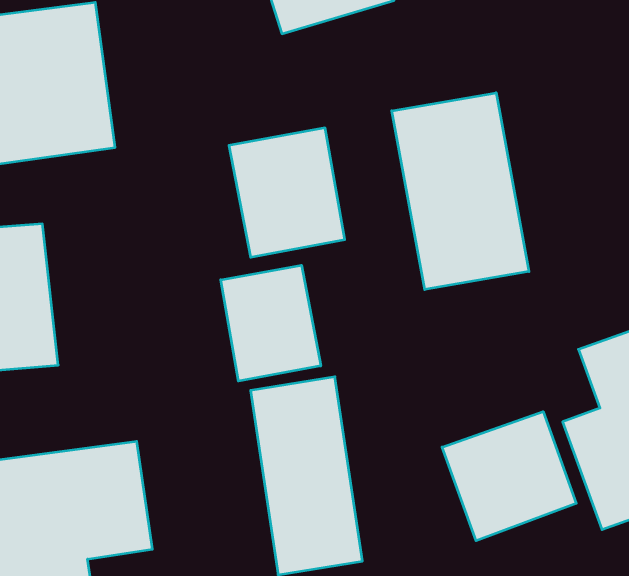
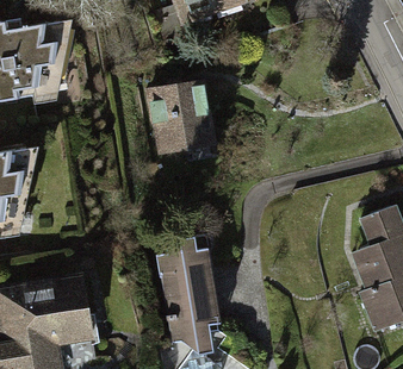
building: [392,93,529,290] -> none
building: [221,265,321,381] -> none
building: [442,412,576,541] -> none

